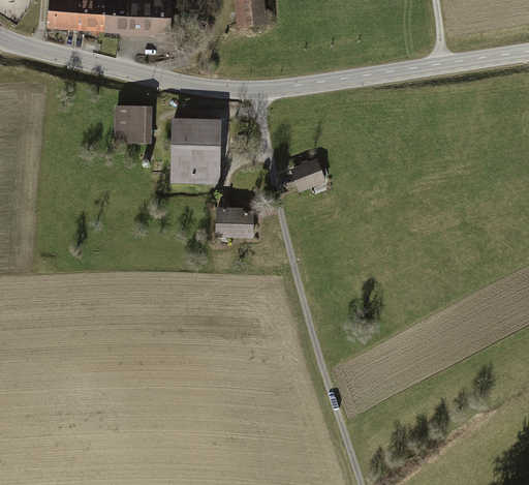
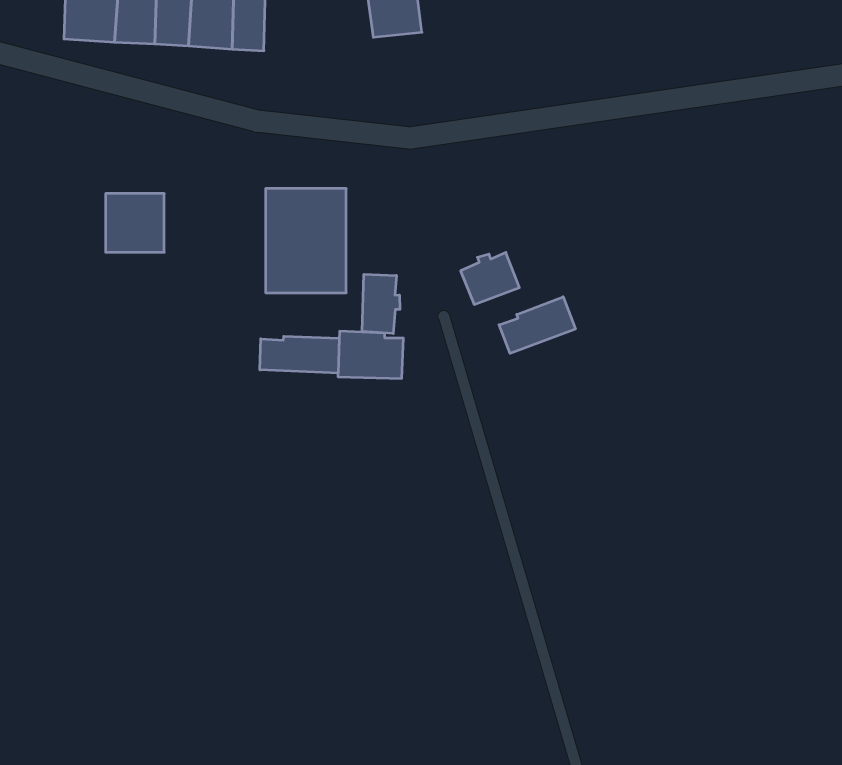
building: [116,107,152,143] -> [106,194,164,252]
building: none -> [362,274,400,334]
building: none -> [499,297,575,353]
building: none -> [260,336,339,373]

